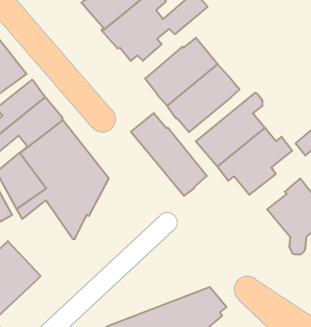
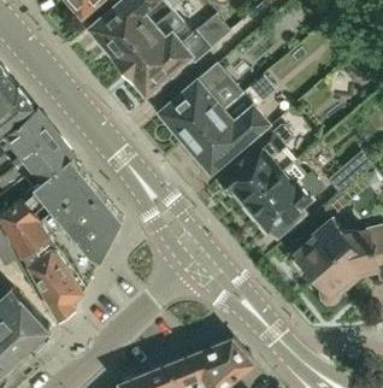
building: [131,113,207,196] -> none
building: none -> [26,247,82,319]

